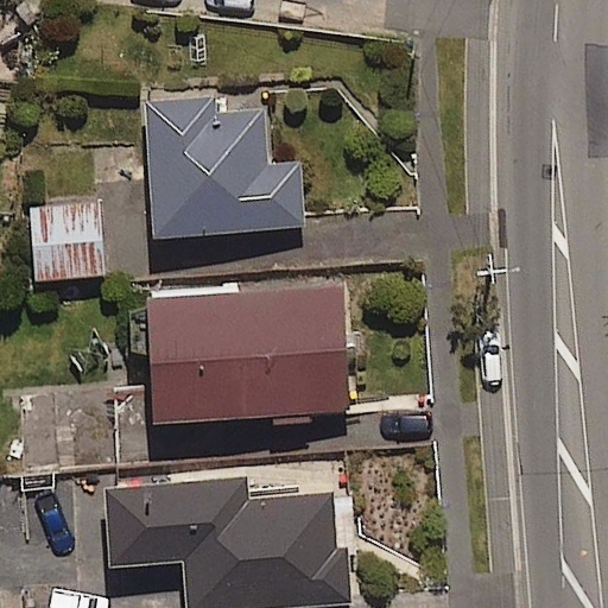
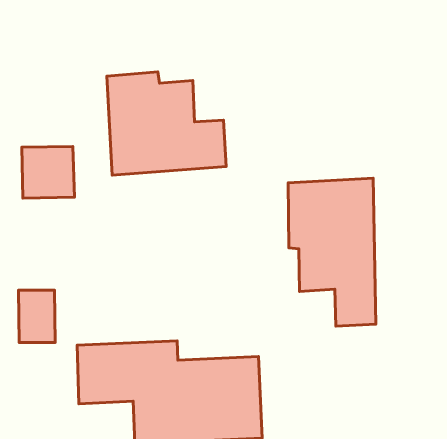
building: none -> [288,178,376,326]
building: [147,287,346,412] -> none

